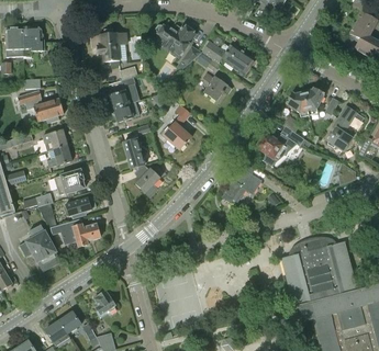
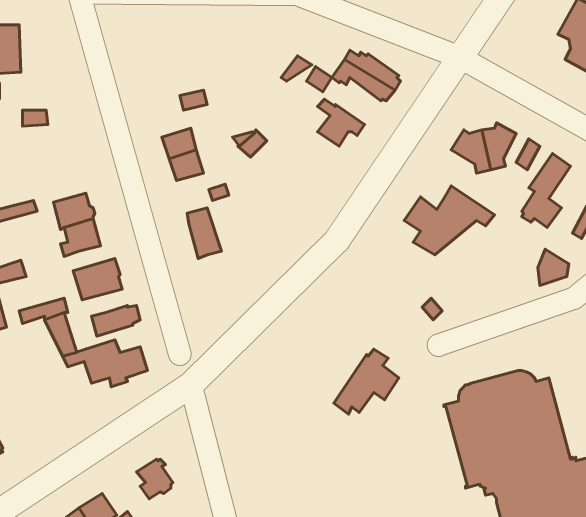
building: [155,24,194,56] -> none
building: [22,26,44,56] -> none
building: [92,33,126,66] -> none
building: [18,90,64,123] -> none
building: [163,104,192,150] -> none
building: [222,163,261,203] -> [334,349,399,414]
building: [135,165,160,196] -> none
building: [20,225,60,271] -> none

